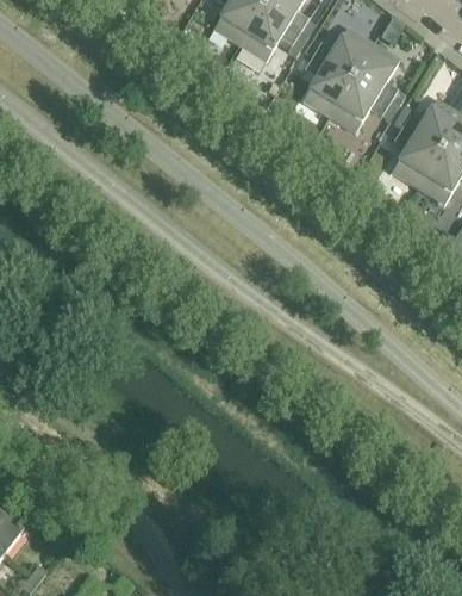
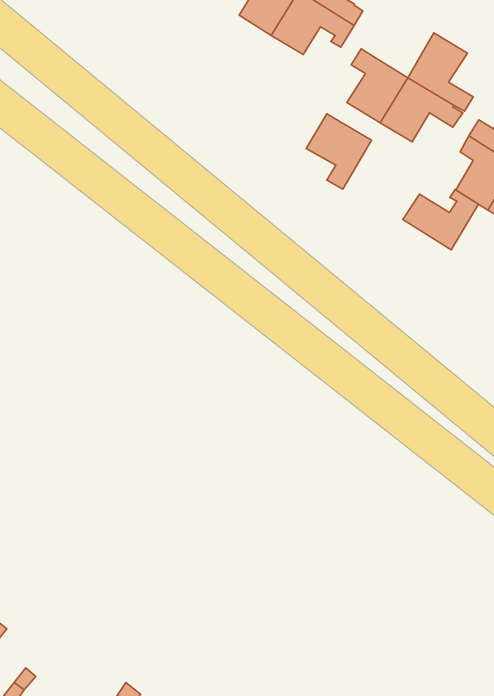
building: [313,26,373,79] -> none
building: none -> [306,114,371,189]
building: none -> [403,189,478,250]

